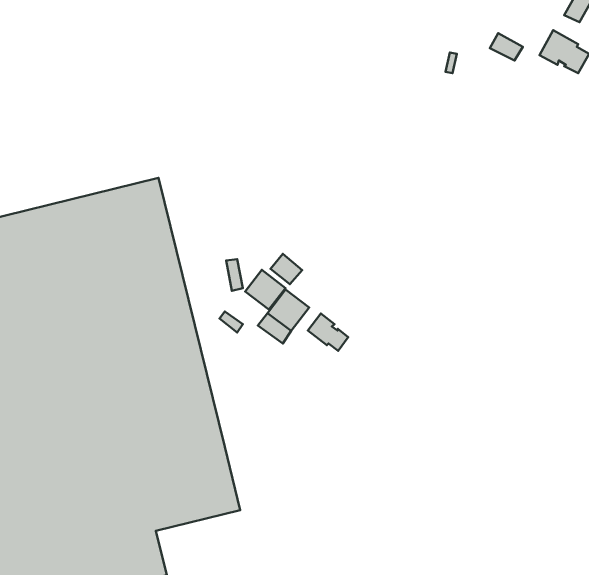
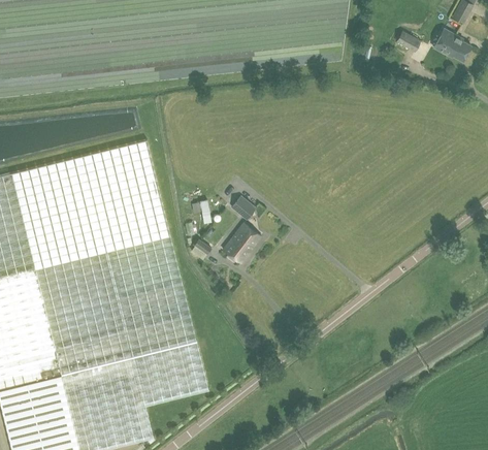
building: [245,270,285,310] -> none
building: [308,313,348,351] -> none

